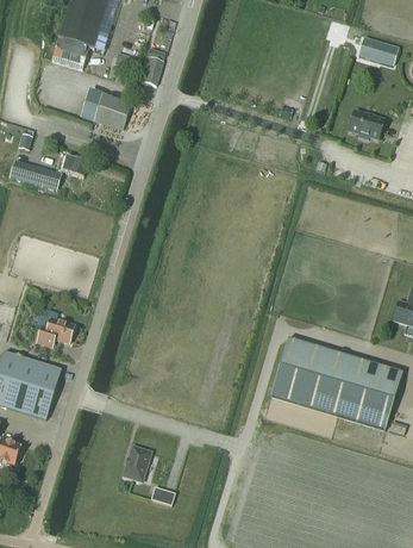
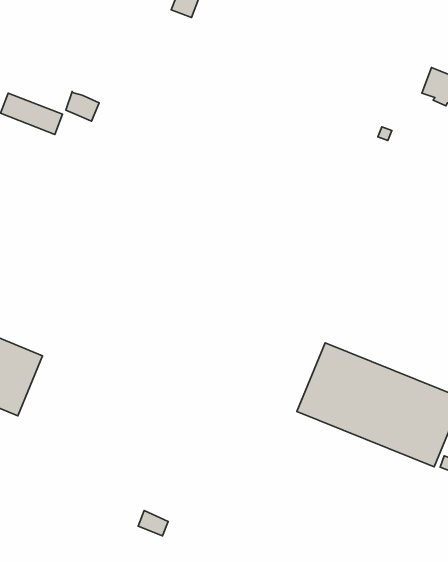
building: [82,91,129,126] -> none
building: [38,317,75,345] -> none
building: [123,444,151,480] -> none

